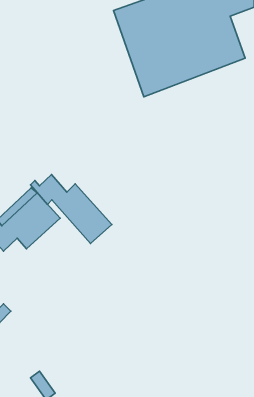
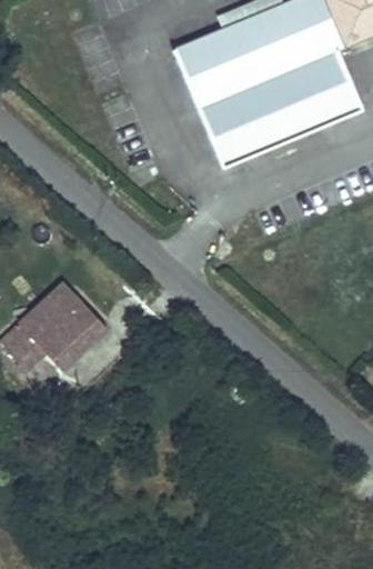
building: [30,175,112,244] -> none

